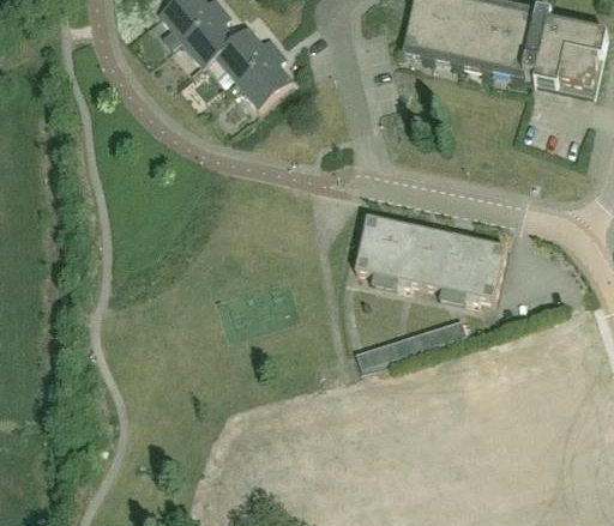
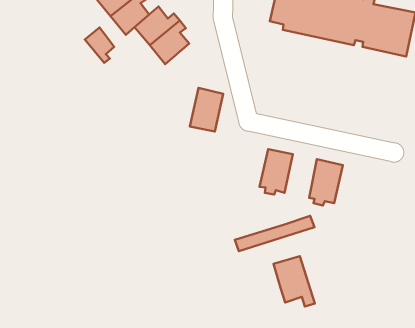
building: none -> [85,27,114,63]
building: [354,216,401,277] -> [190,88,223,132]
building: [423,231,469,292] -> none
building: none -> [274,256,315,306]

